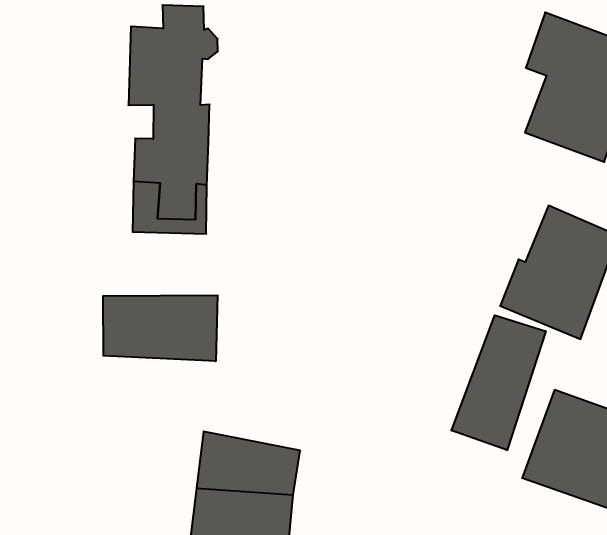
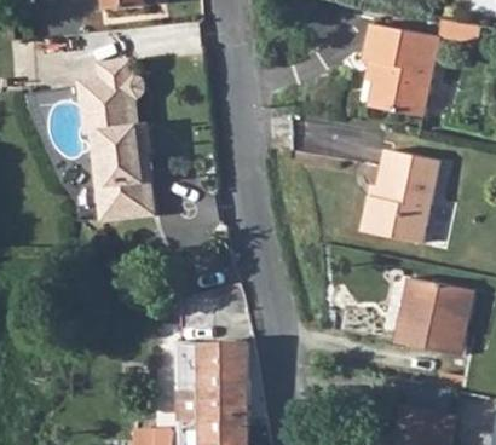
building: [103,295,217,361] -> none
building: [451,315,546,450] -> none

